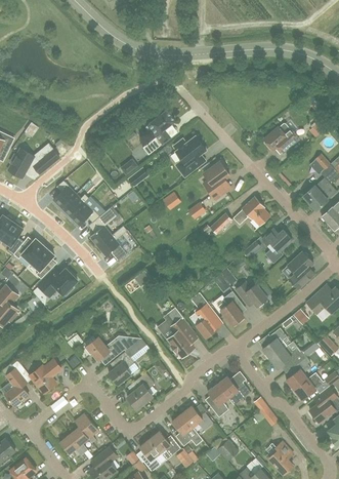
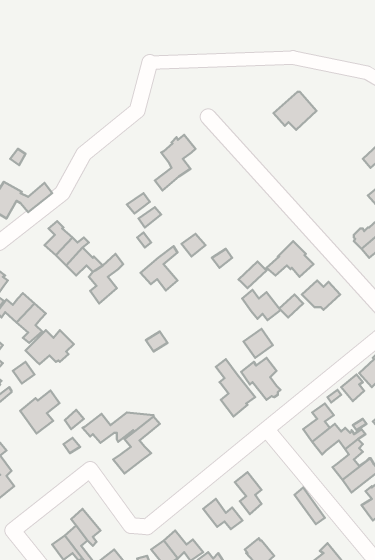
building: [262,123,297,154] -> [273,92,316,130]
building: [172,136,205,176] -> none
building: [202,159,230,200] -> none
building: [96,226,126,262] -> [141,246,177,291]
building: [287,251,314,289] -> none
building: [236,282,266,307] -> [242,290,280,320]
building: [163,308,196,357] -> none
building: [29,359,60,394] -> [20,390,59,434]
building: [126,372,154,409] -> none
building: [216,376,249,405] -> none
building: [171,413,198,446] -> none

